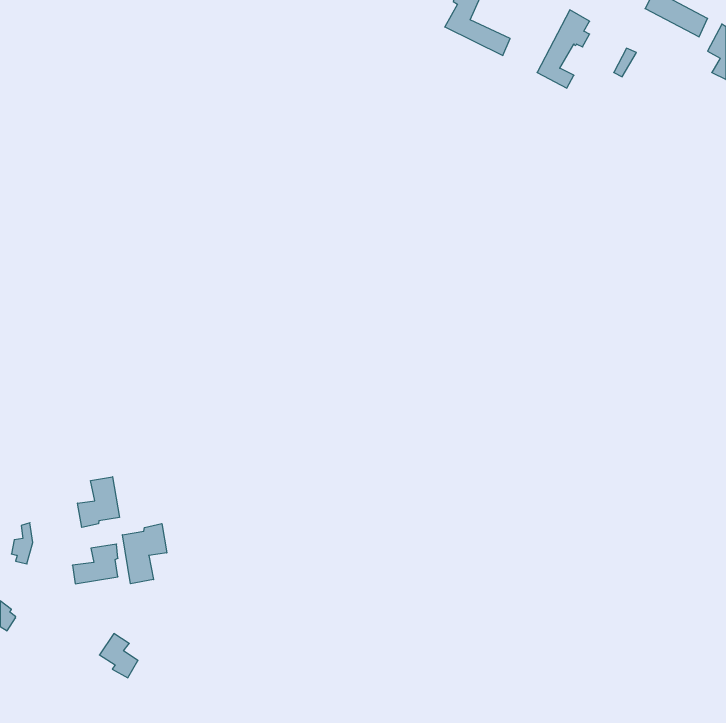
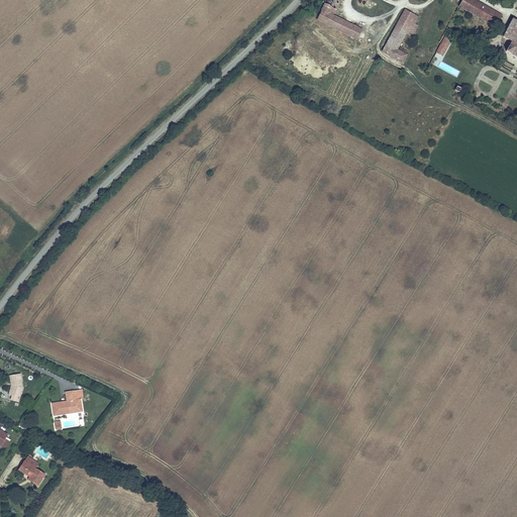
building: [78,477,119,527] -> none
building: [122,524,167,584] -> none
building: [99,634,138,678] -> [18,454,45,486]

